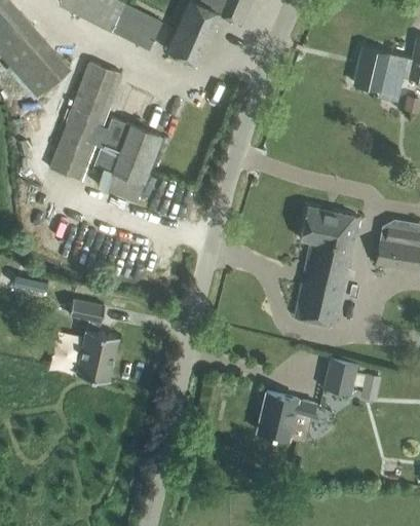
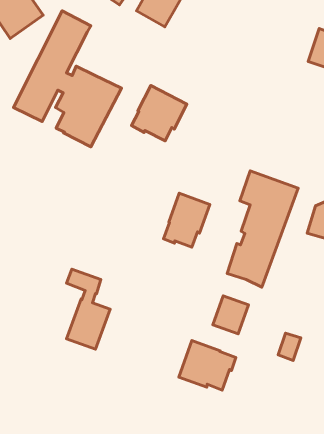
building: none -> [131,86,187,141]
building: none -> [163,193,210,247]
building: [69,300,118,381] -> [66,269,110,349]
building: [322,356,357,394] -> [213,296,248,334]

